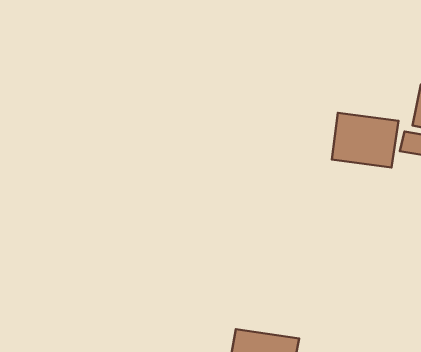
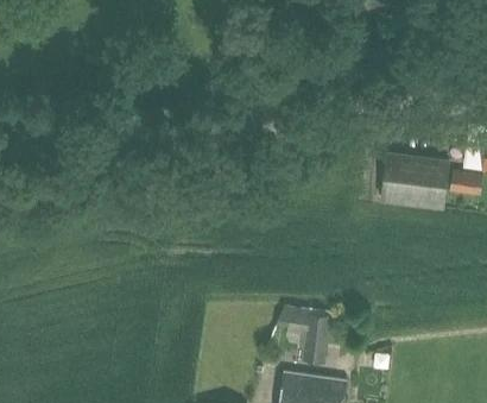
building: none -> [274,304,333,365]

